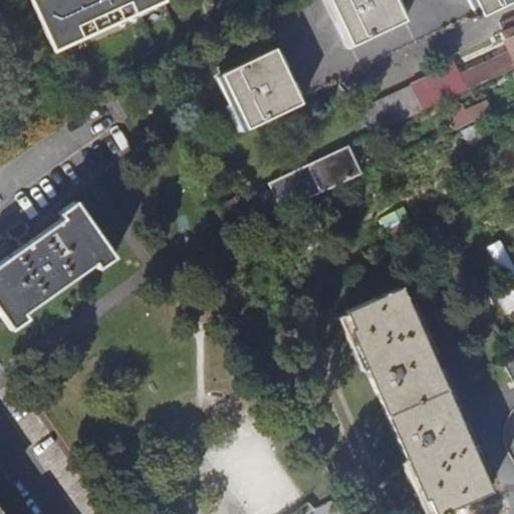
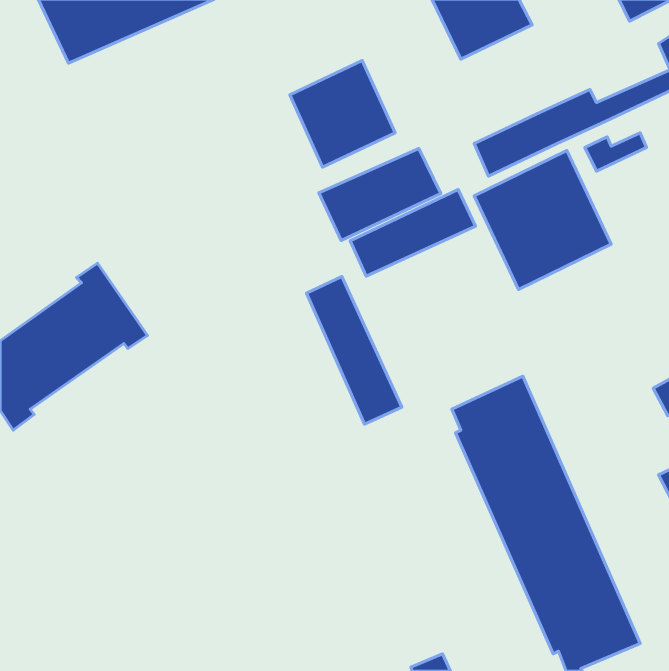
building: none -> [319,148,441,241]
building: none -> [474,150,611,290]
building: none -> [306,277,402,424]

